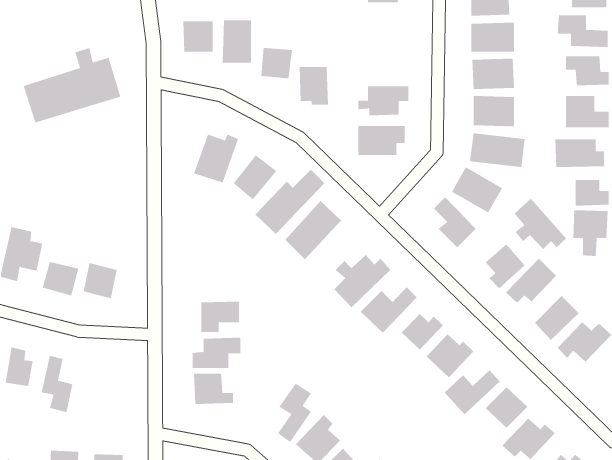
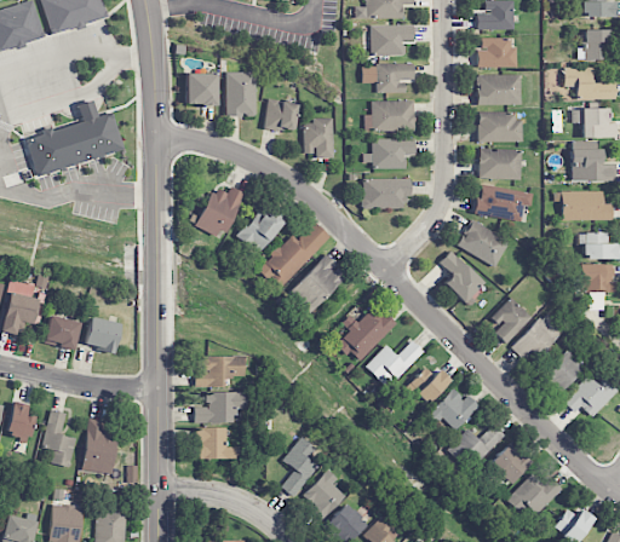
building: none -> [362,63,413,92]
building: none -> [367,99,414,129]
building: [514,198,567,250] -> none
building: none -> [81,417,117,473]

